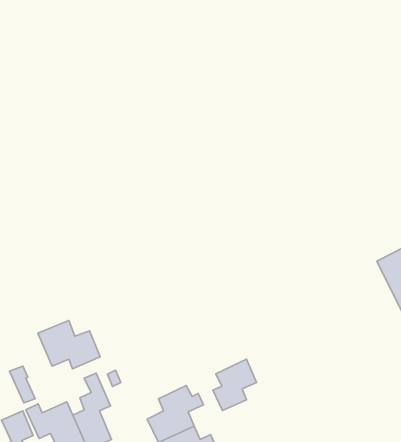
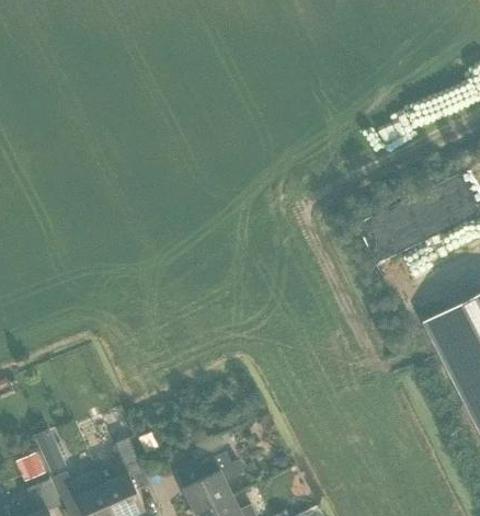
building: [38,321,100,369] -> none
building: [213,359,257,411] -> none

